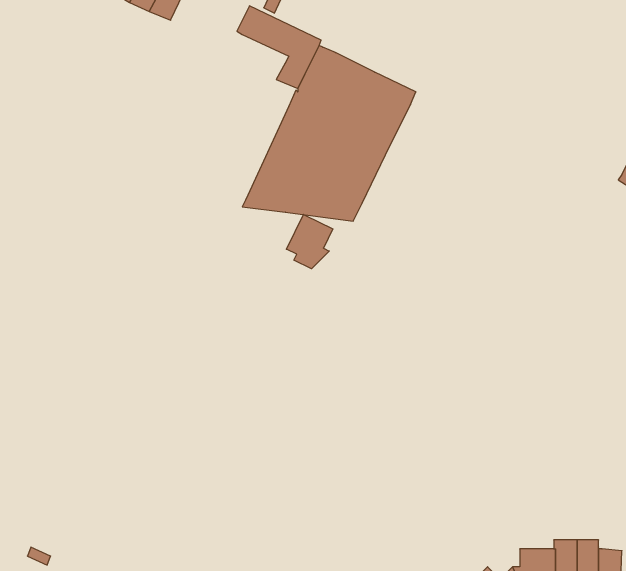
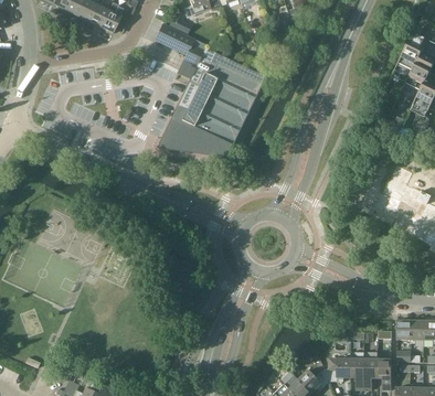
building: [286,214,333,269] -> none

